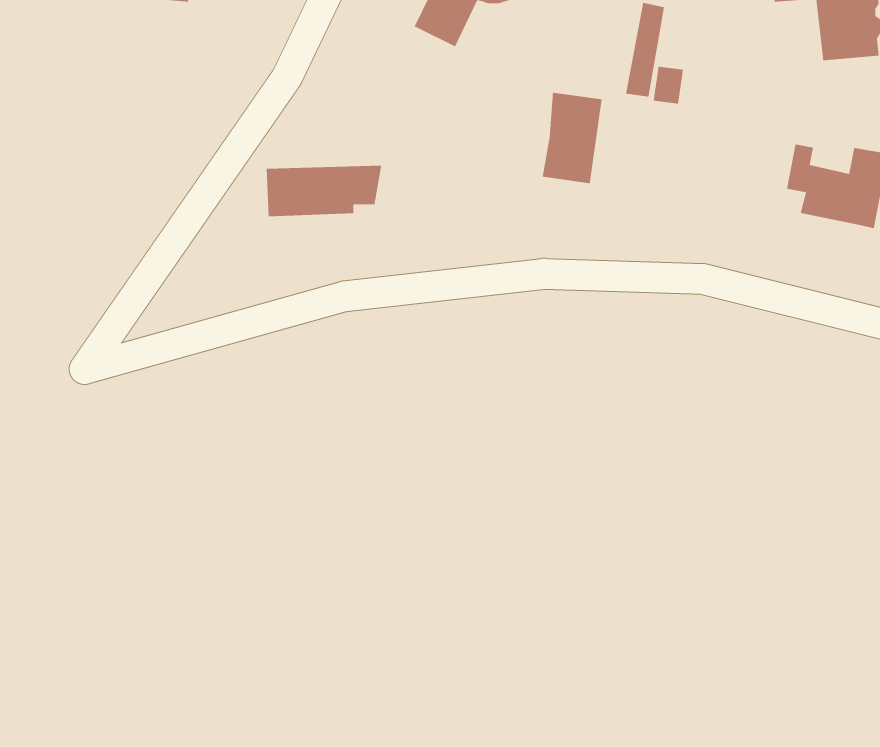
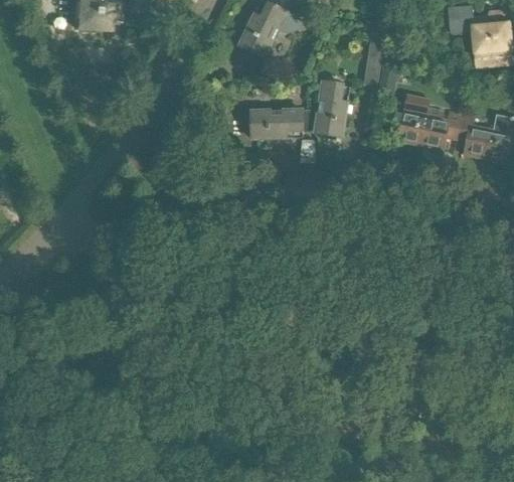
building: none -> [399,96,462,148]
building: [266,165,382,217] -> [251,109,319,139]

